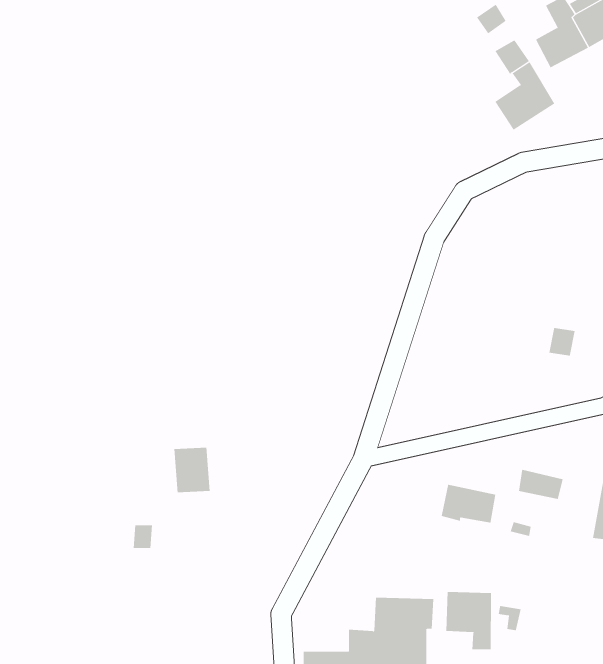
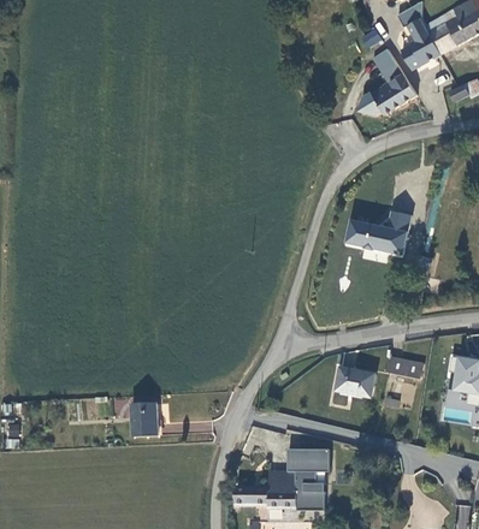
building: none -> [343,207,412,258]
building: [174,447,211,493] -> [130,404,156,436]
building: [446,591,492,650] -> none

